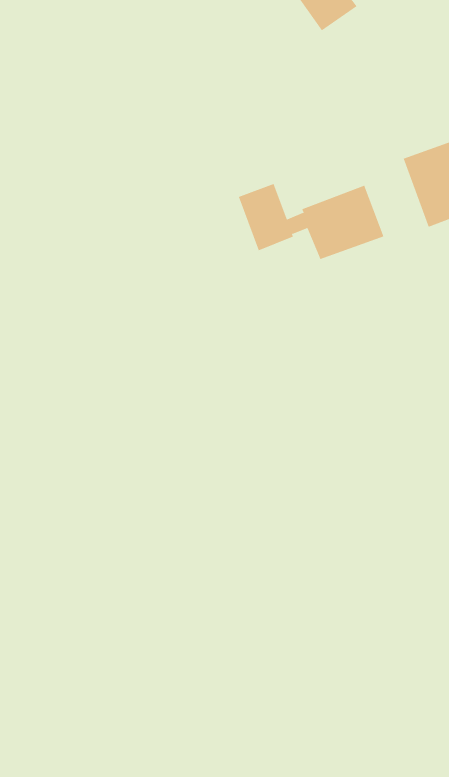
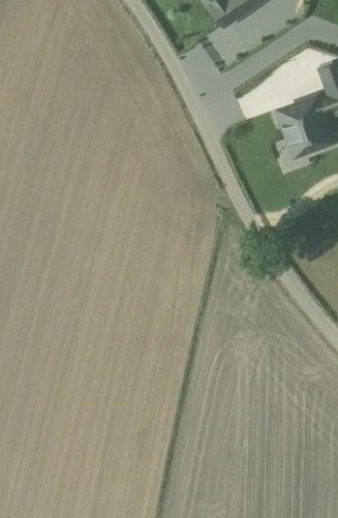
building: [238,183,384,260] -> none

